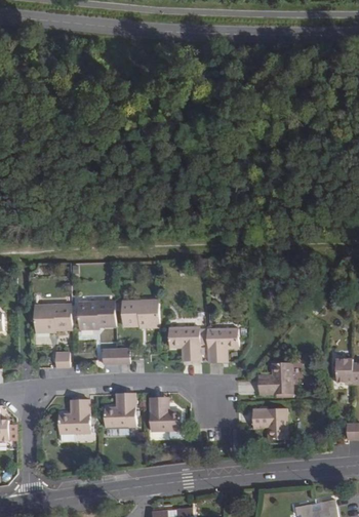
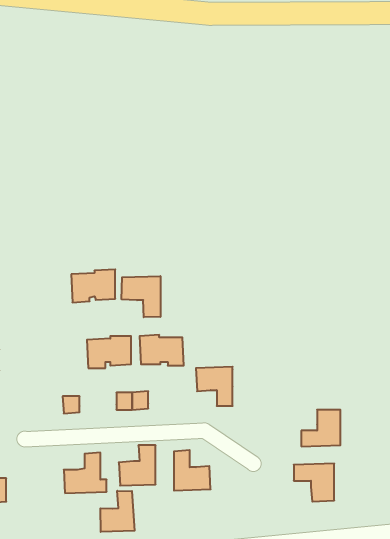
building: none -> [122,276,160,317]
building: [33,304,70,331] -> [71,269,115,302]
building: [206,328,238,362] -> none
building: none -> [100,491,135,532]

